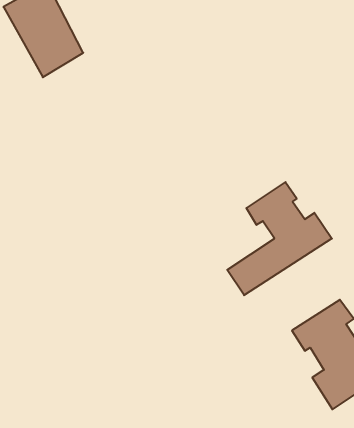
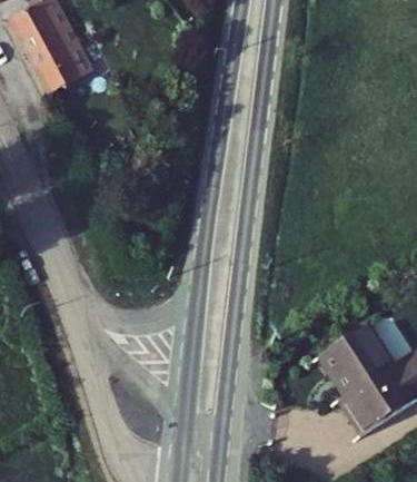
building: [227,182,332,295] -> none

